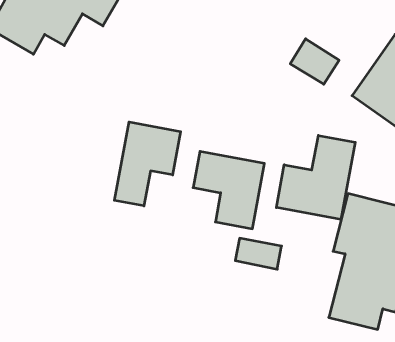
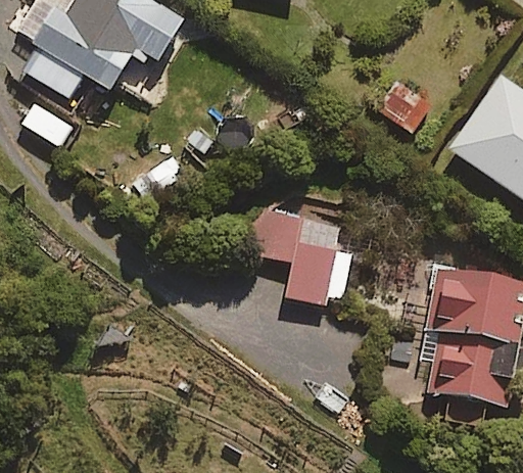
building: [114,122,181,206] -> none
building: [276,135,355,220] -> none

